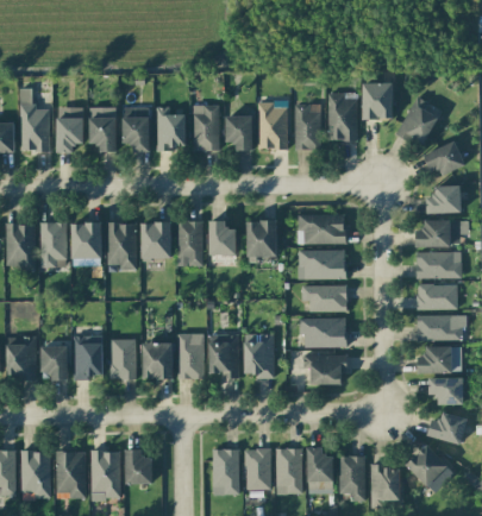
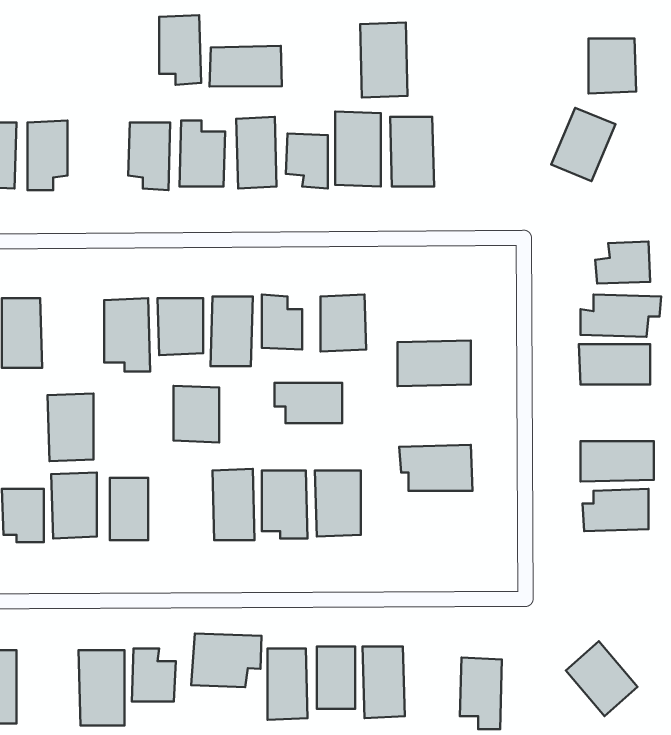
building: none -> [209,46,282,86]
building: [362,83,393,119] -> [589,38,636,93]
building: [326,93,357,141] -> [360,22,408,98]
building: [89,107,117,152] -> [159,15,201,85]
building: [424,143,464,175] -> none
building: [298,215,345,244] -> none
building: [71,222,101,266] -> [48,393,93,461]
building: [417,284,457,310] -> none
building: [302,285,346,312] -> [274,383,342,423]
building: [143,342,173,379] -> [173,386,219,442]
building: [302,354,348,384] -> none
building: [428,378,463,404] -> none
building: [427,413,467,443] -> none
building: none -> [191,633,262,687]
building: [307,447,333,490] -> none
building: [55,451,86,498] -> none
building: [370,466,400,499] -> none

